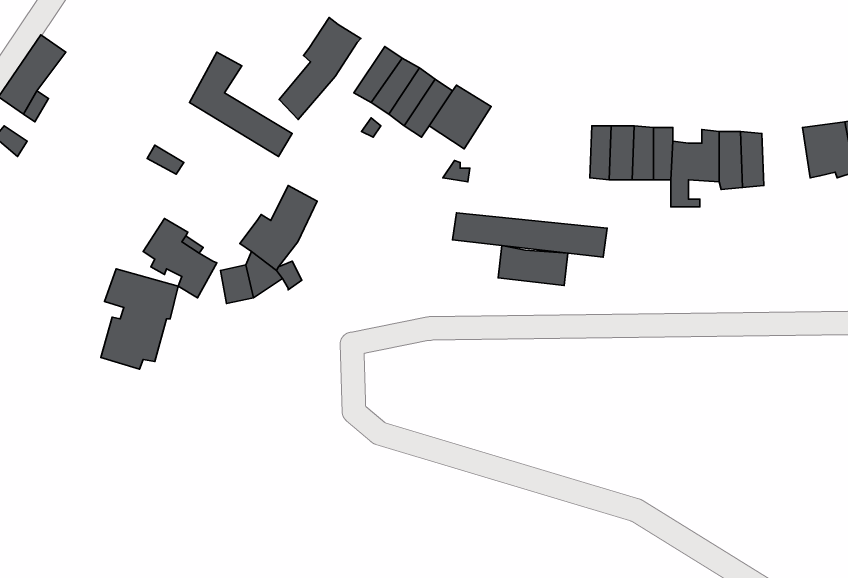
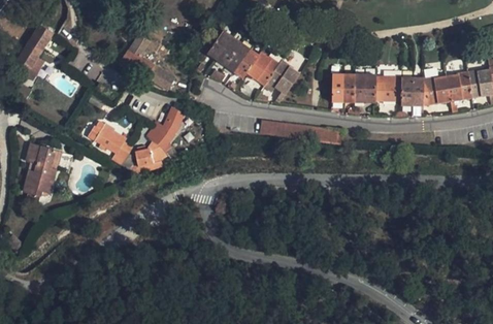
building: [279,18,361,119] -> none
building: none -> [267,61,300,94]
building: none -> [424,74,450,105]
building: [498,245,568,285] -> none
building: [101,269,178,369] -> [22,143,63,197]

